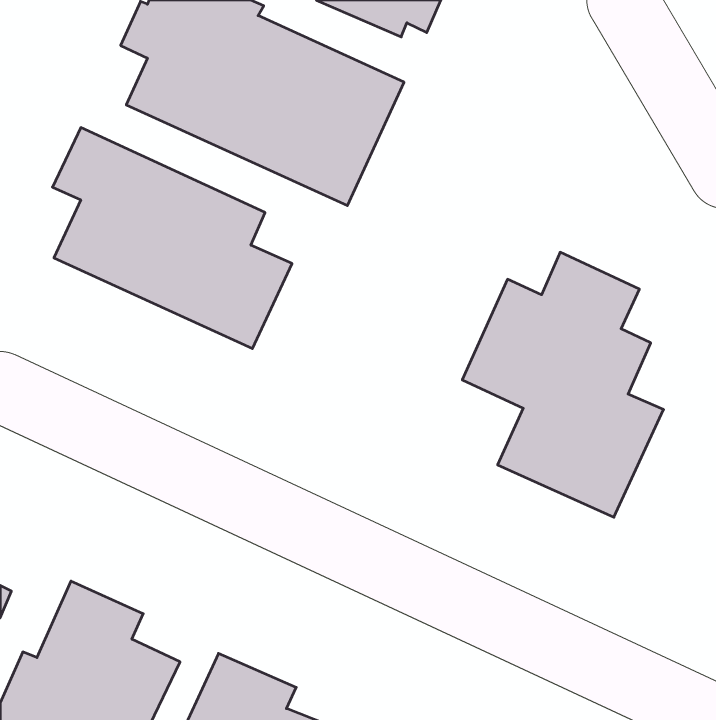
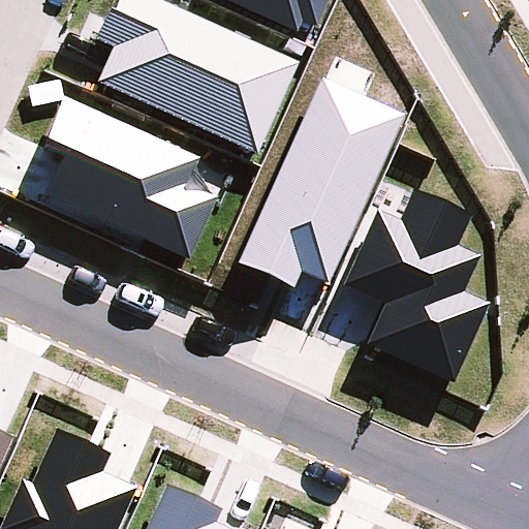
building: none -> [240,76,405,284]

